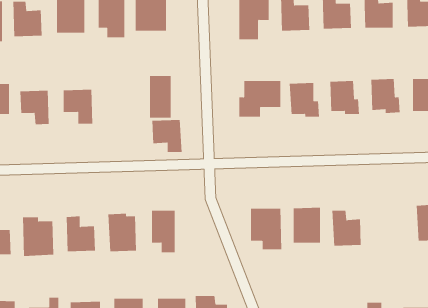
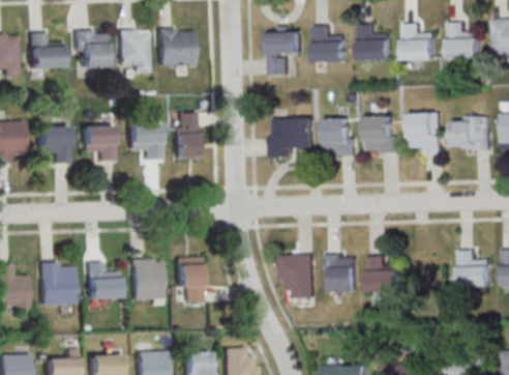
building: [151,120,182,153] -> [126,124,159,160]

